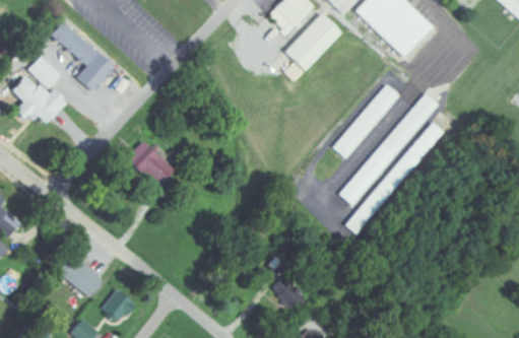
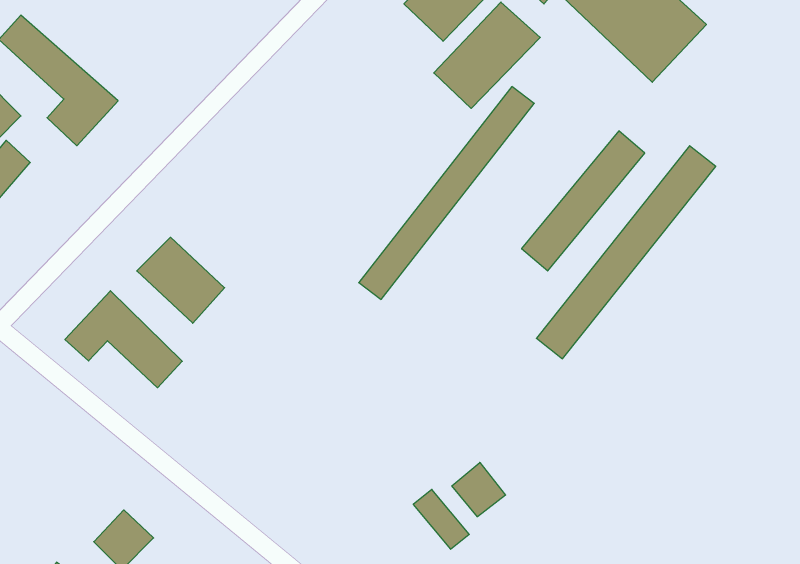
building: [347,120,443,235] -> [359,87,534,299]
building: none -> [65,291,182,388]
building: [55,258,101,296] -> none
building: none -> [452,462,506,517]

